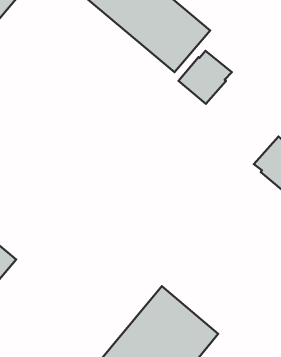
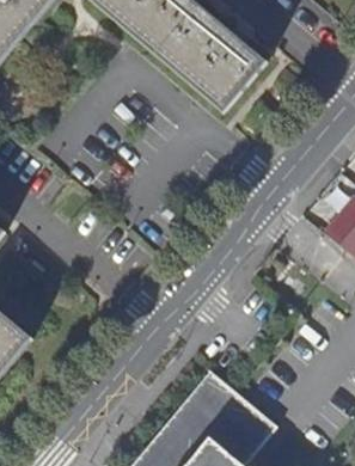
building: [179,51,232,104] -> none

